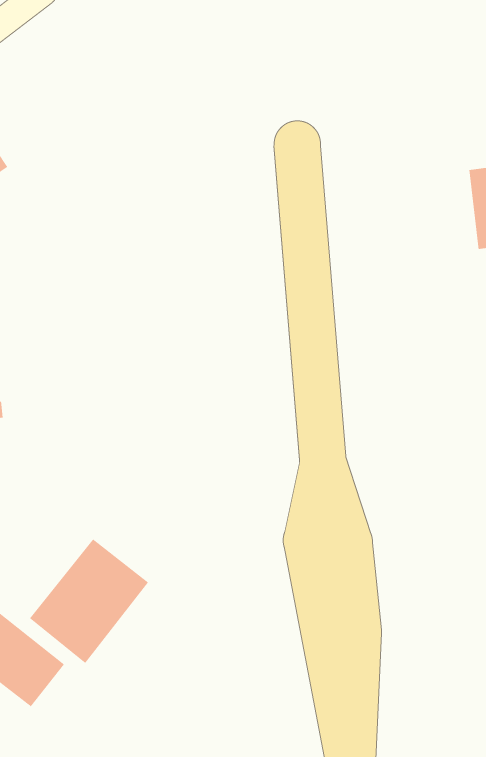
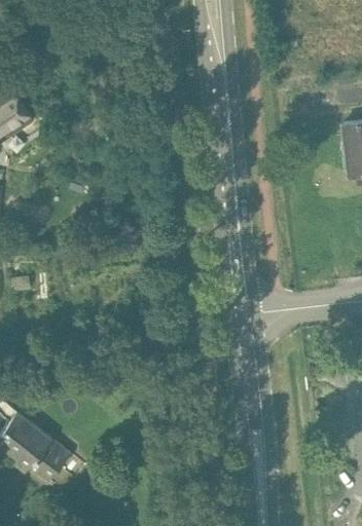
building: [29,539,149,664] -> none

